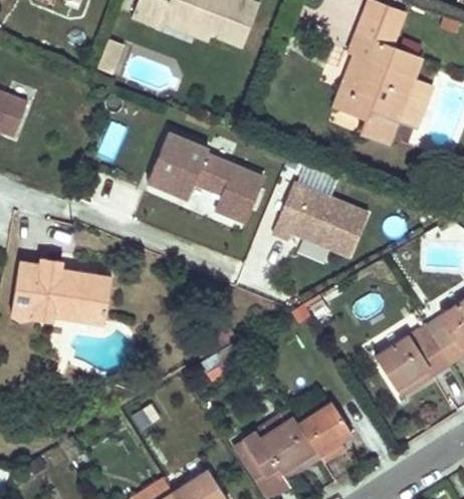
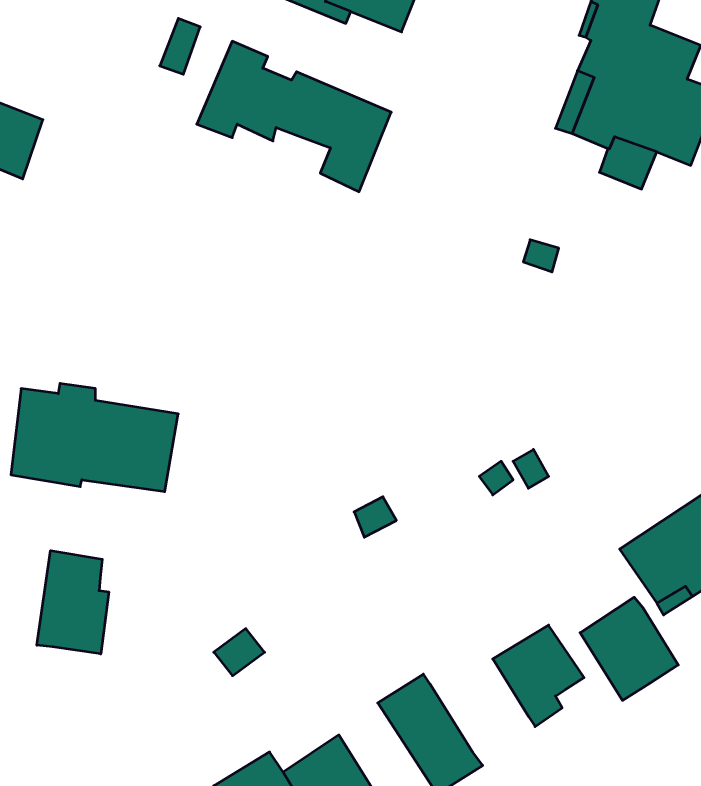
building: [147,134,262,223] -> [197,41,391,192]
building: [273,182,368,258] -> none
building: none -> [37,551,109,654]
building: [260,417,318,478] -> [580,597,678,700]

